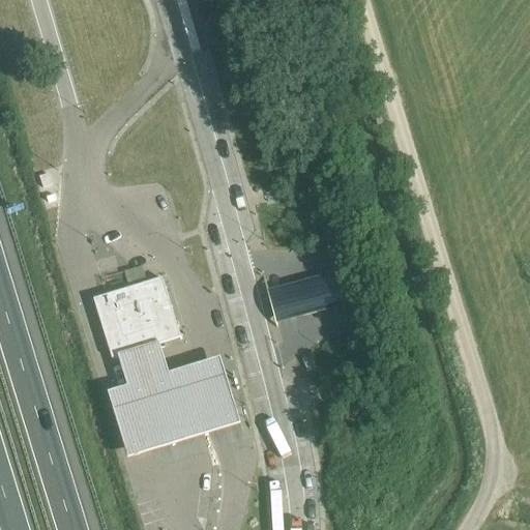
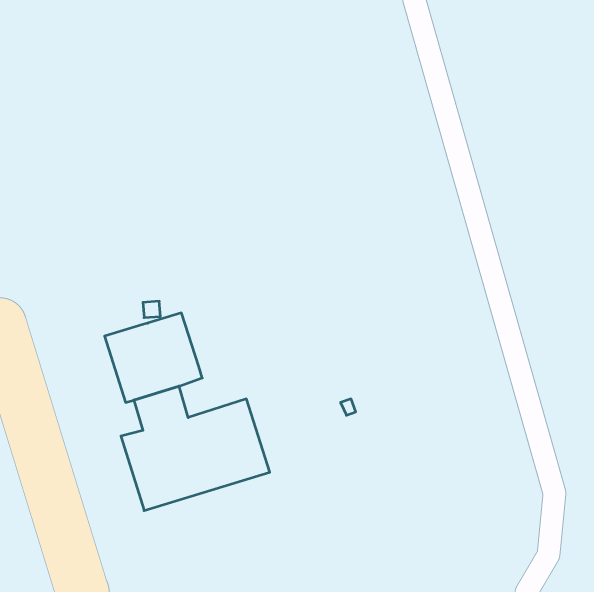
building: [267,270,345,321] -> none

